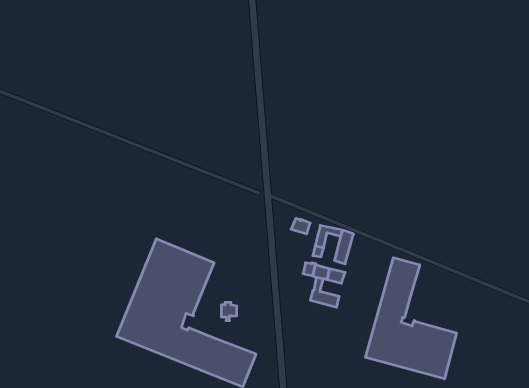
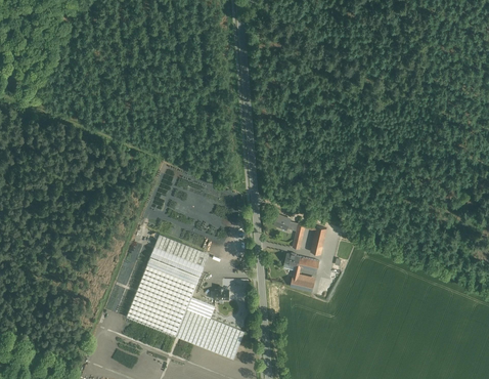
building: [365,258,457,379] -> none
building: none -> [182,297,216,319]

